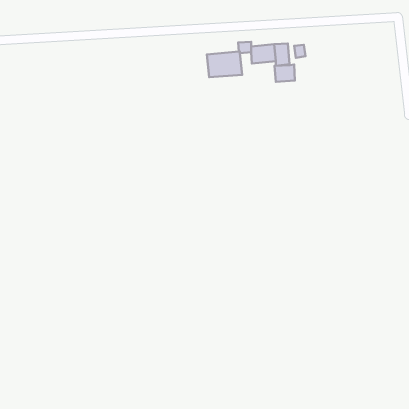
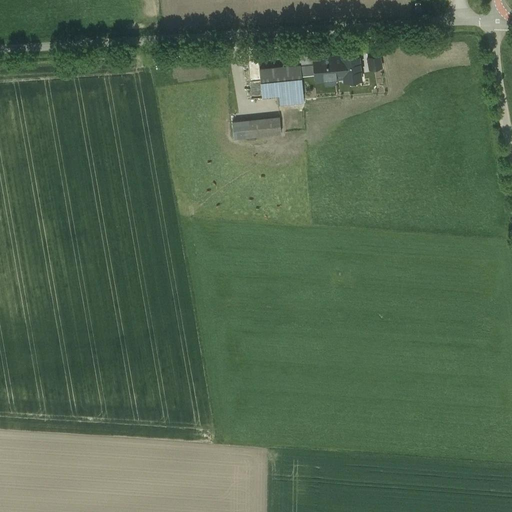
building: [275,65,295,82] -> none
building: none -> [242,118,280,138]

